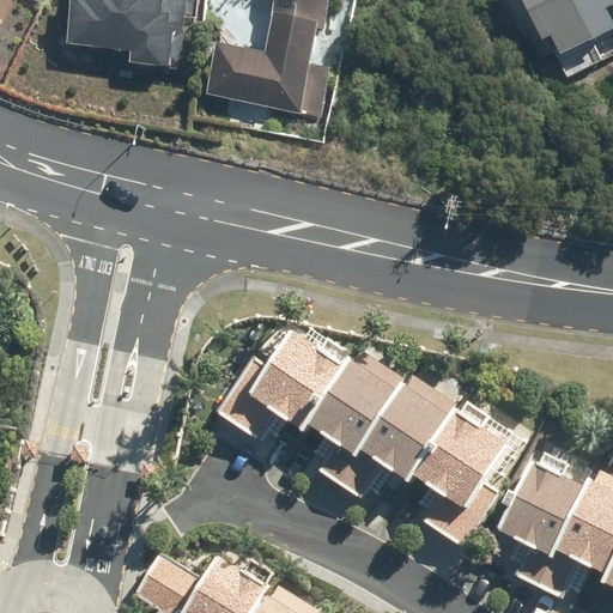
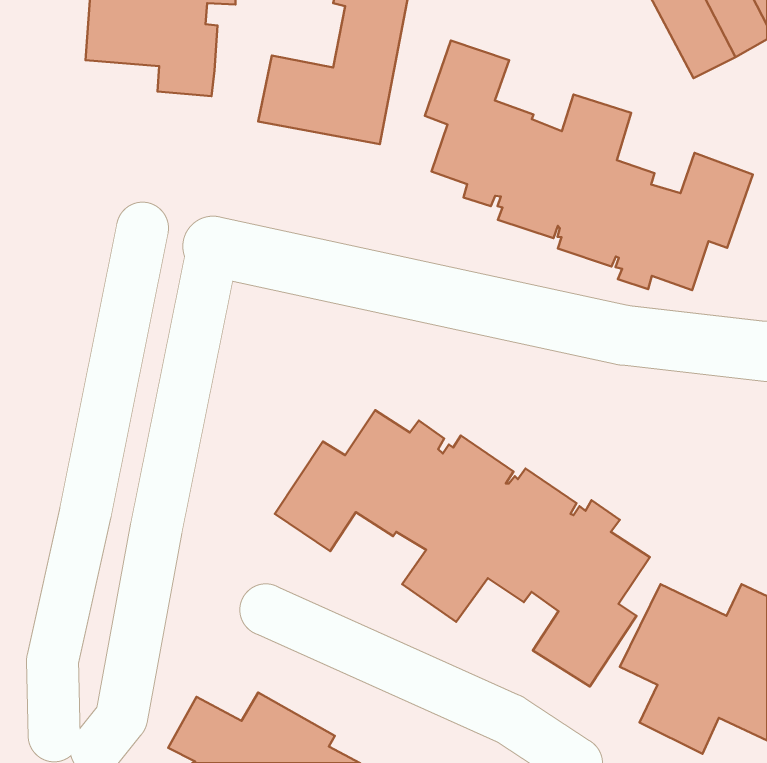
building: none -> [425,41,753,290]

